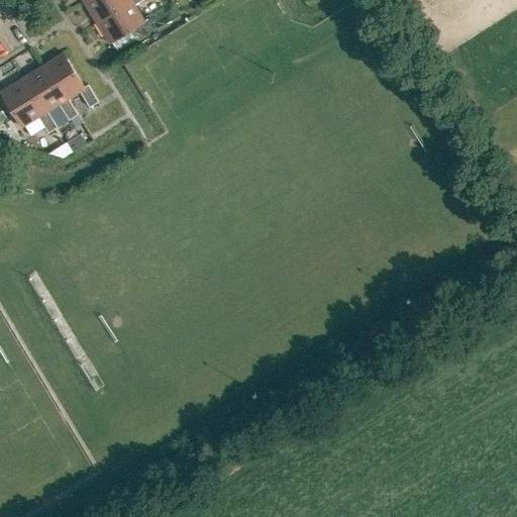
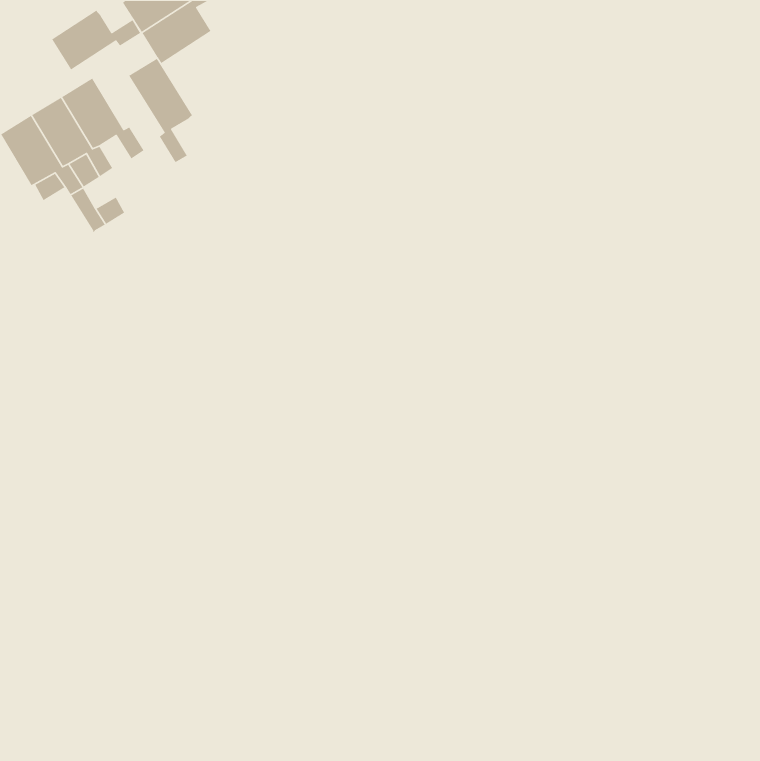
building: none -> [51,10,141,70]
building: none -> [128,58,193,163]

